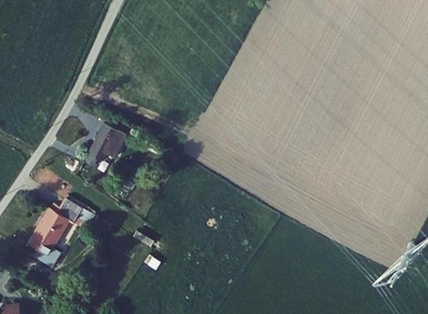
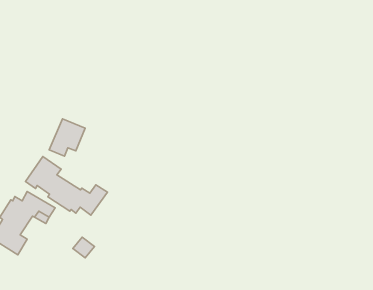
building: none -> [25,156,108,215]

